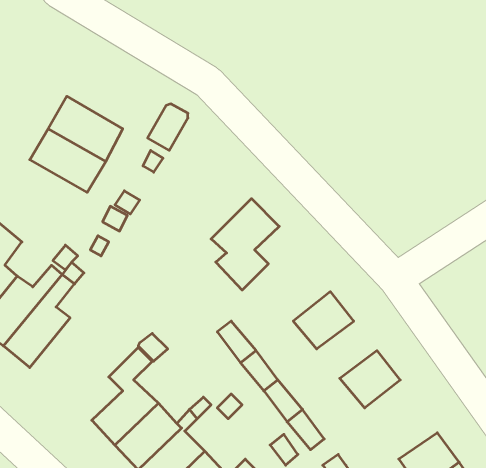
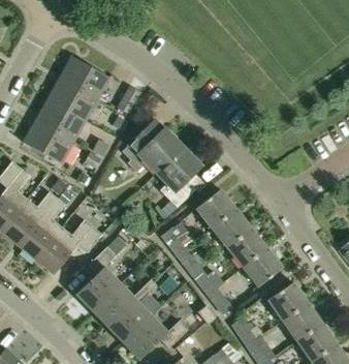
building: none -> [60,57,110,100]
building: none -> [23,121,73,164]
building: none -> [121,127,183,174]
building: none -> [195,189,235,229]
building: none -> [35,220,102,274]
building: none -> [226,229,266,267]
building: none -> [266,282,307,321]

